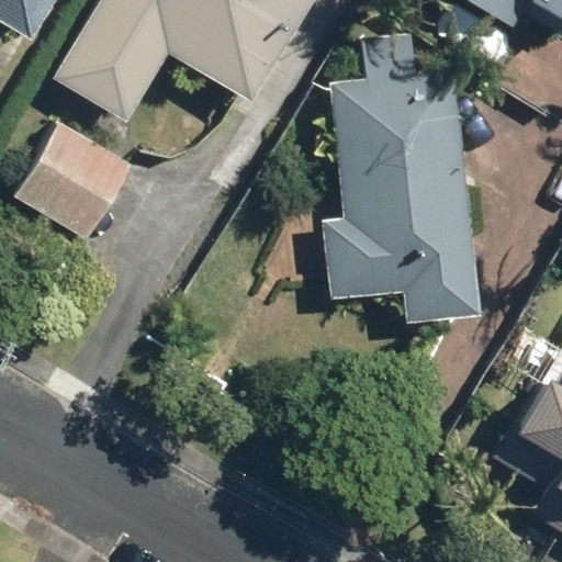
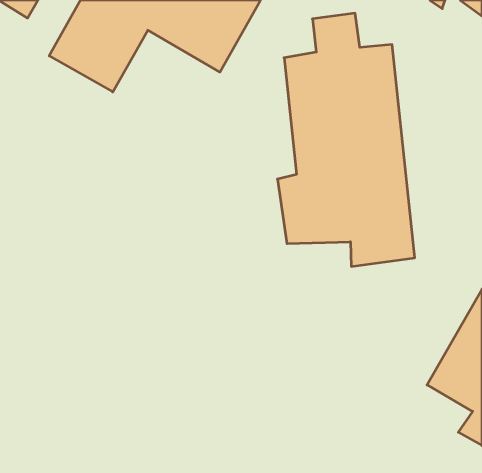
building: [14,124,132,236] -> none

